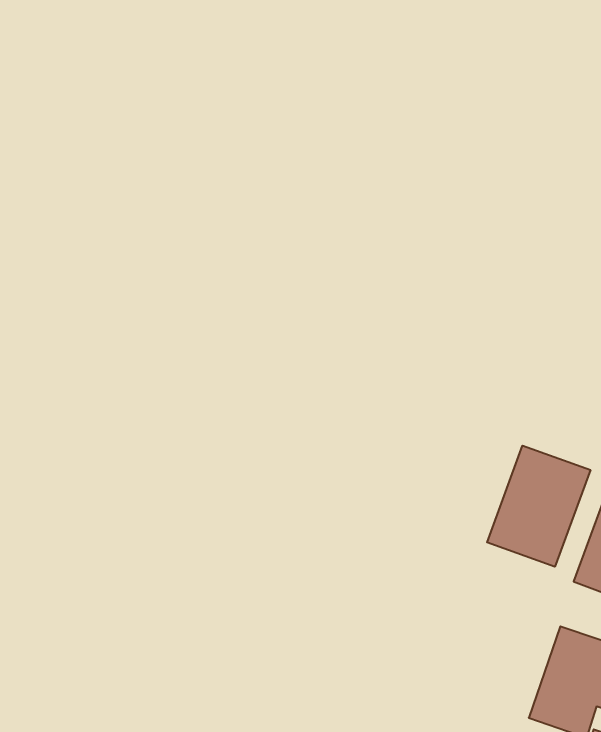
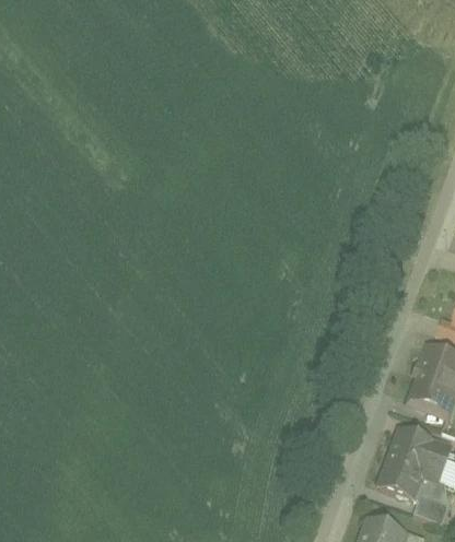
building: [487,446,590,567] -> none

